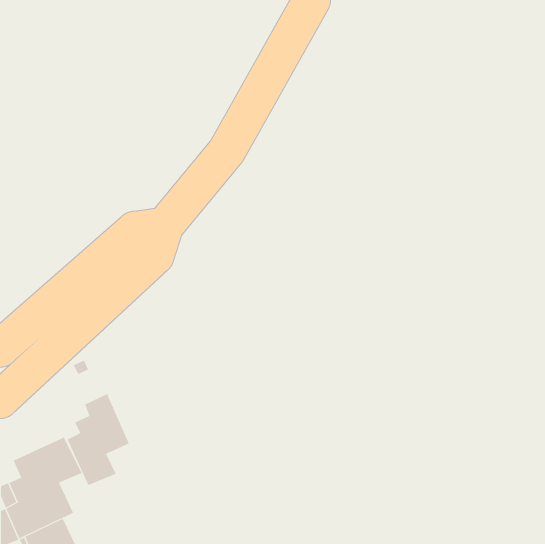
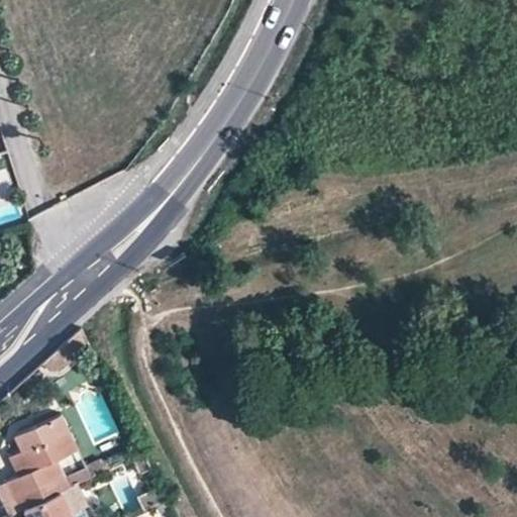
building: [67,393,130,486] -> none

